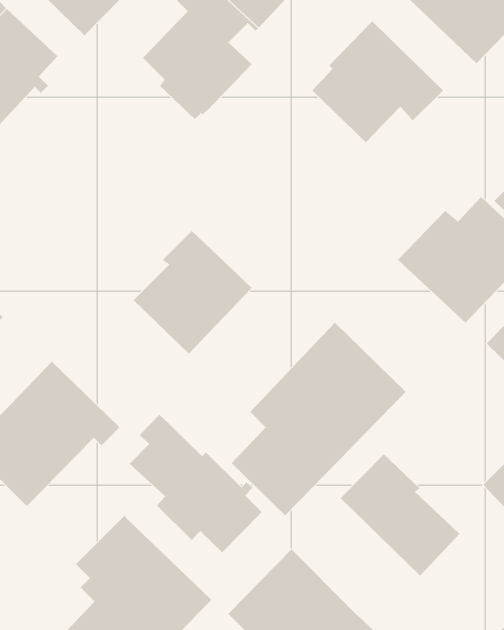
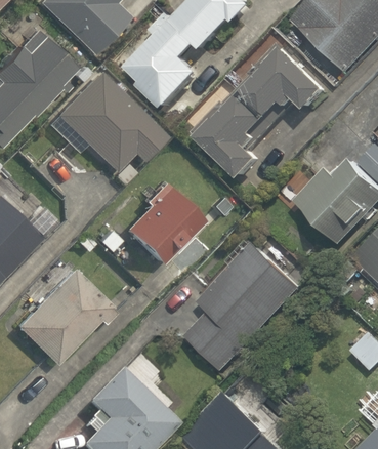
building: none -> [52,71,163,172]
building: none -> [192,90,275,179]
building: [129,414,262,553] -> none
building: [340,454,460,576] -> none

